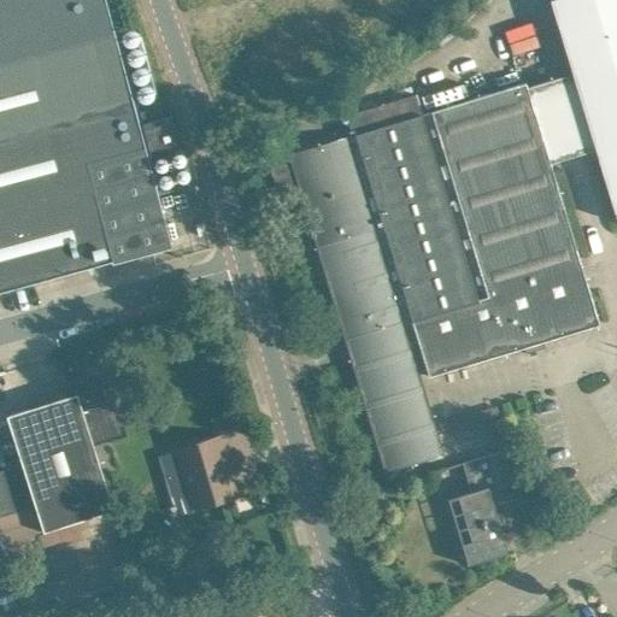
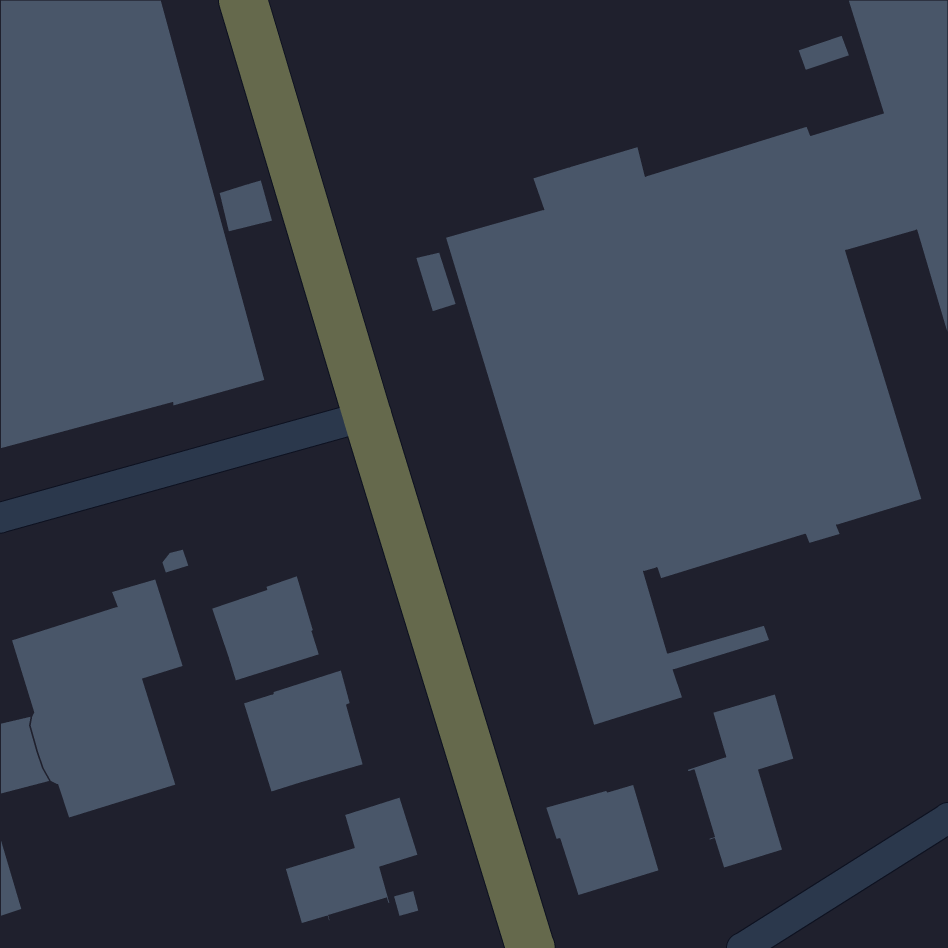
building: none -> [212,576,319,681]
building: none -> [546,784,659,896]
building: none -> [285,797,418,924]

